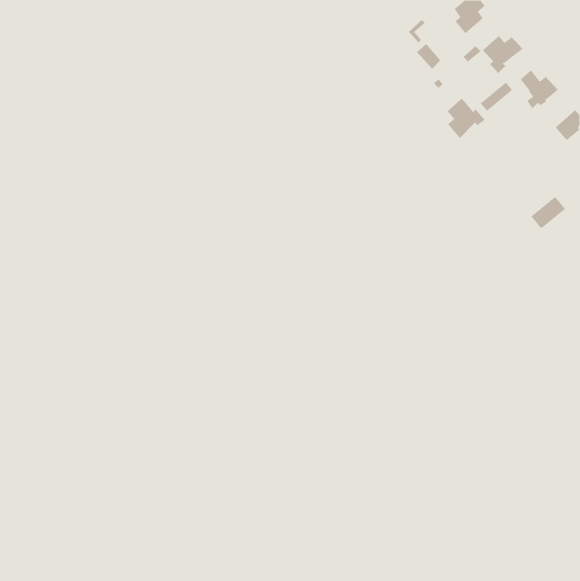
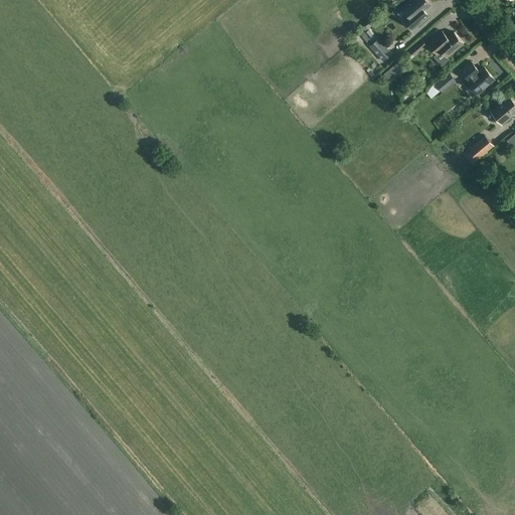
building: [447,98,485,139] -> none
building: [531,196,566,229] -> [462,135,493,164]

